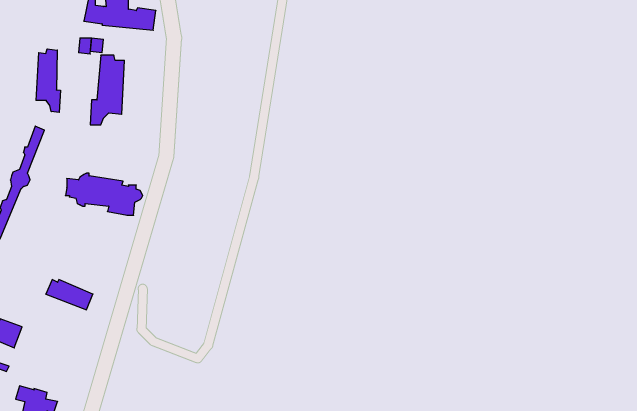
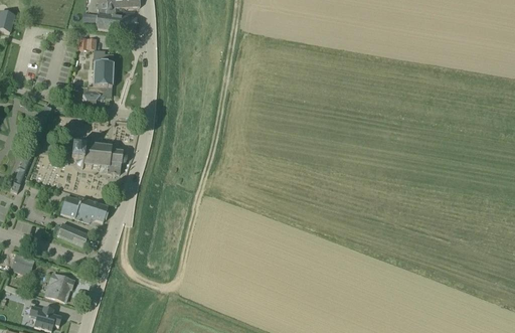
building: [36,49,60,112] -> none
building: none -> [60,196,109,221]
building: none -> [44,272,73,301]

